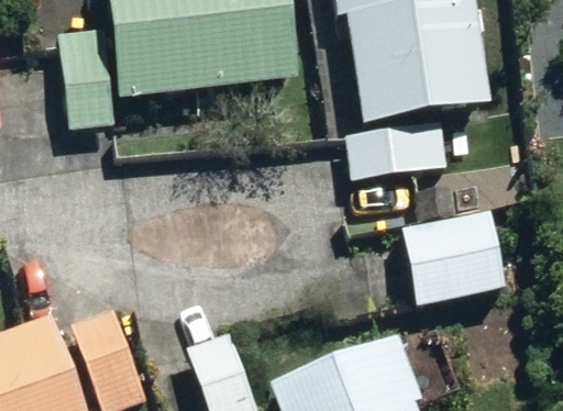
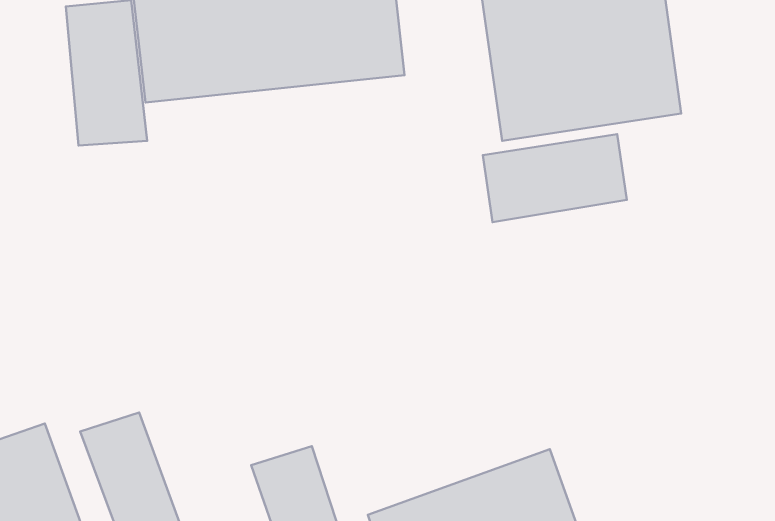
building: [402,209,505,302] -> none

